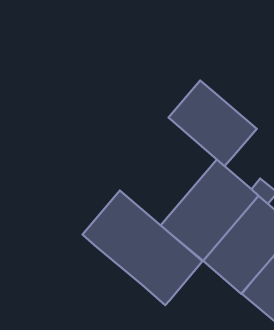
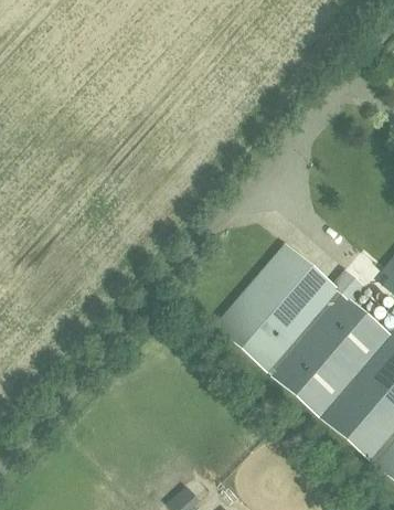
building: [169,81,257,166] -> none
building: [82,191,203,305] -> none

